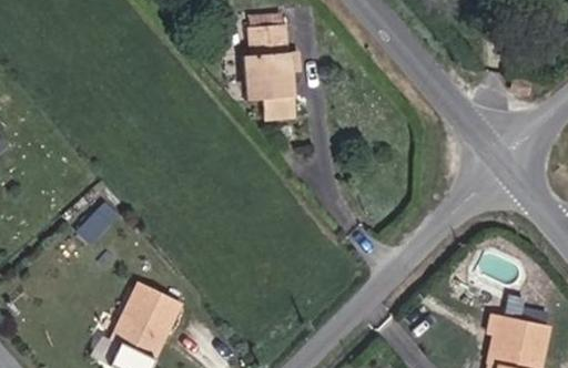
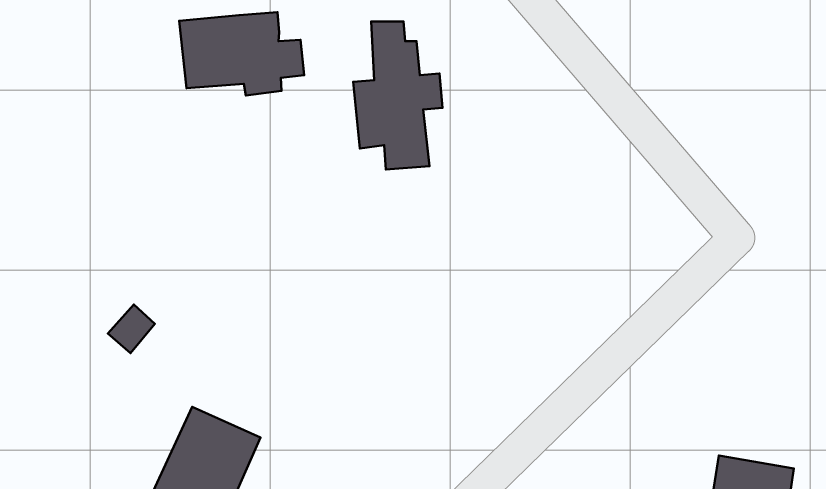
building: none -> [179,12,304,96]

